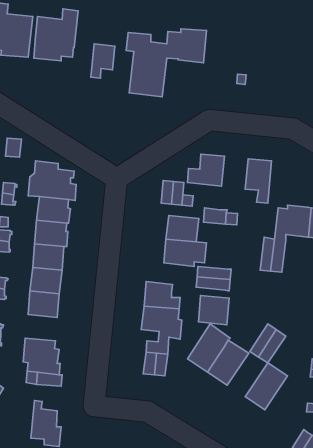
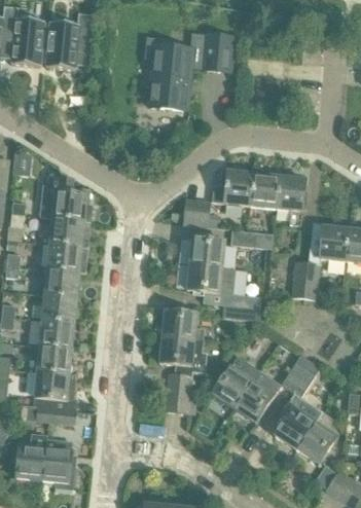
building: [91,44,115,78] -> none
building: none -> [250,166,279,208]
building: [198,295,229,325] -> none
building: none -> [36,344,71,373]
building: none -> [297,411,337,463]
building: none -> [16,433,46,479]

